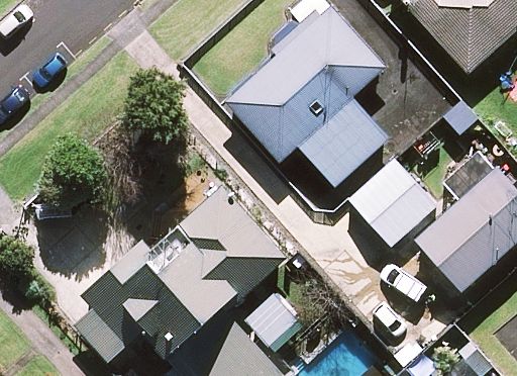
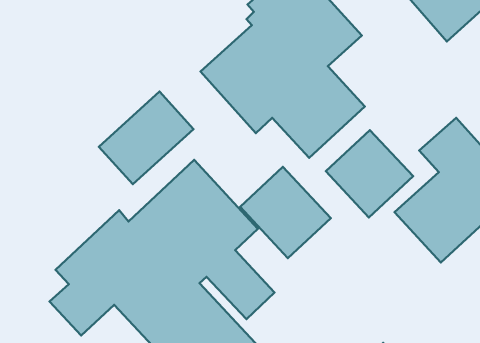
building: none -> [99,92,194,184]
building: none -> [240,167,331,258]

